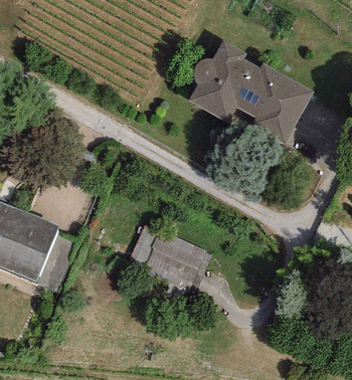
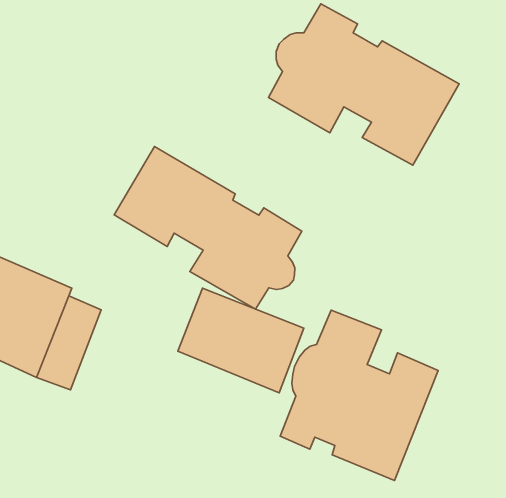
building: none -> [114,146,302,309]
building: none -> [280,310,438,481]

